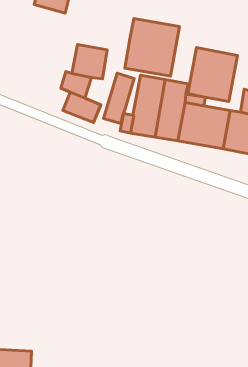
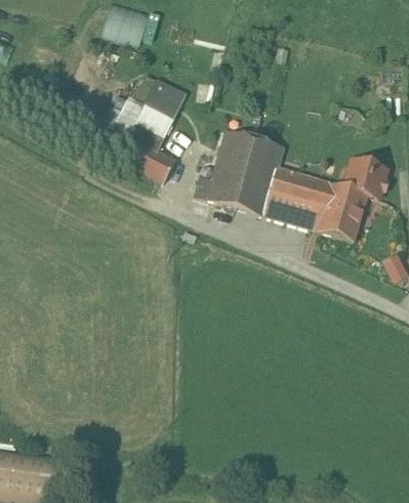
building: [125,18,179,76] -> none
building: [188,47,237,101] -> none
building: [103,73,134,123] -> none

